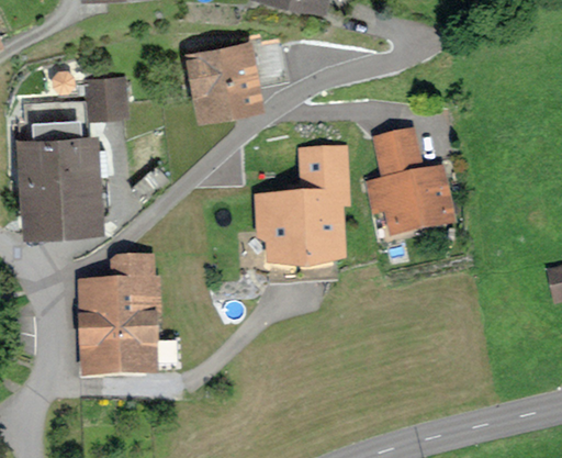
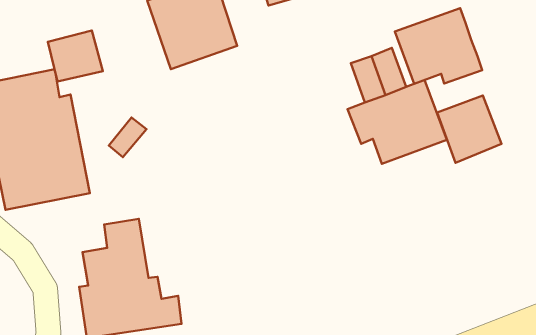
building: none -> [395,8,482,84]
building: [254,146,349,284] -> none
building: none -> [437,95,502,163]

